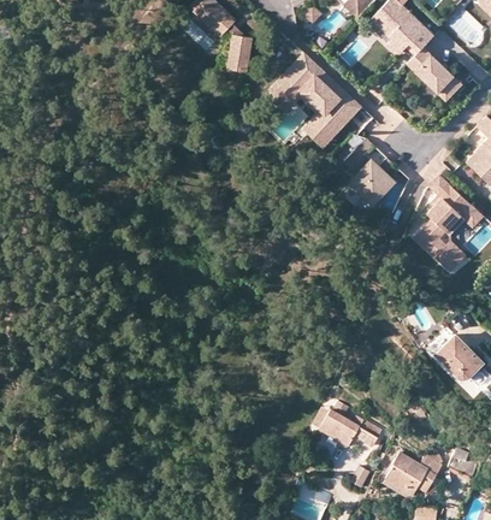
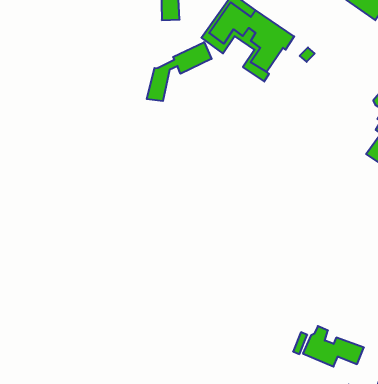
building: none -> [147,42,212,101]
building: [344,138,394,205] -> none

